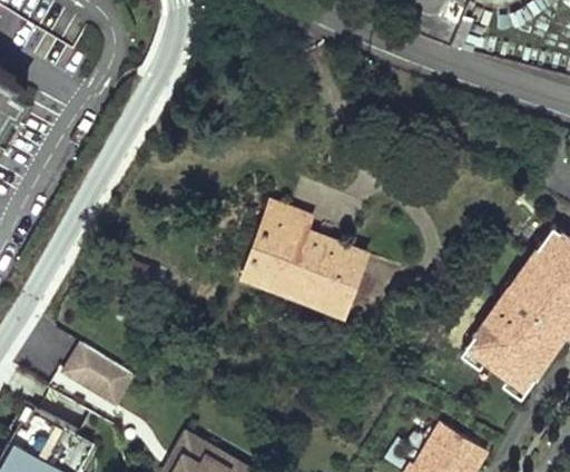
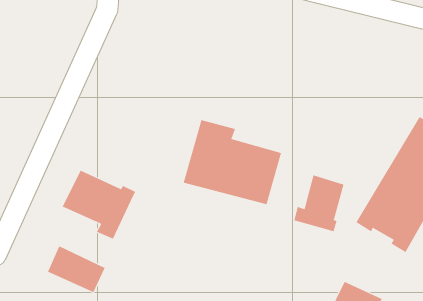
building: none -> [62,170,136,240]
building: none -> [294,174,344,232]

